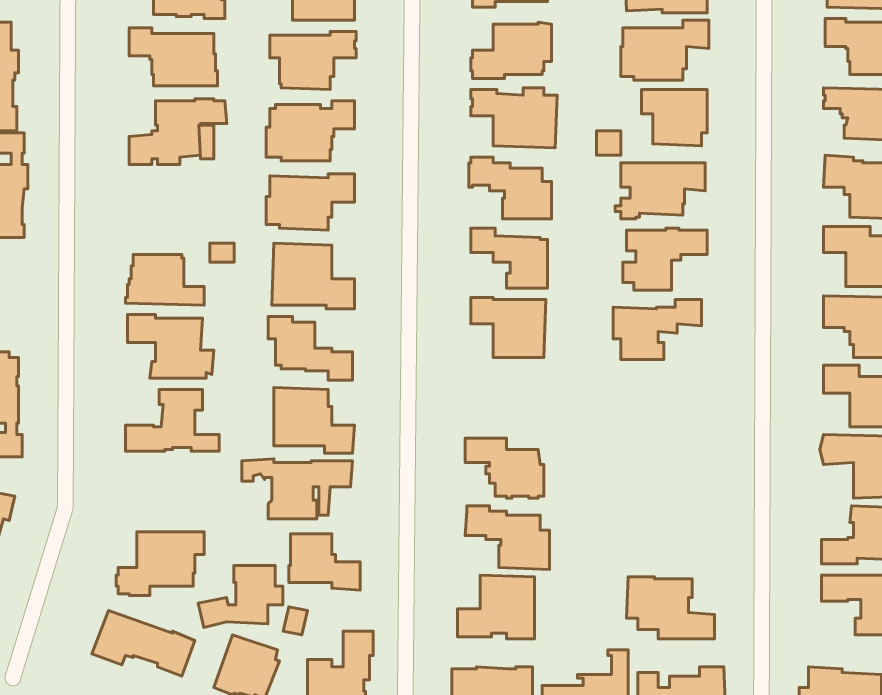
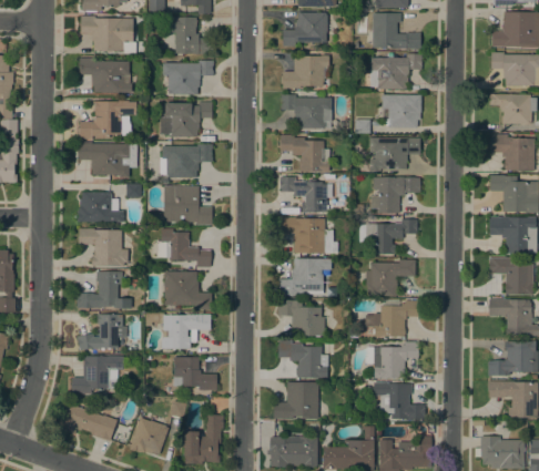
building: none -> [79,143,136,177]
building: none -> [278,258,330,295]
building: none -> [365,259,415,295]
building: none -> [365,299,418,337]
building: none -> [365,341,418,378]
building: [198,566,283,627] -> [77,314,126,350]

